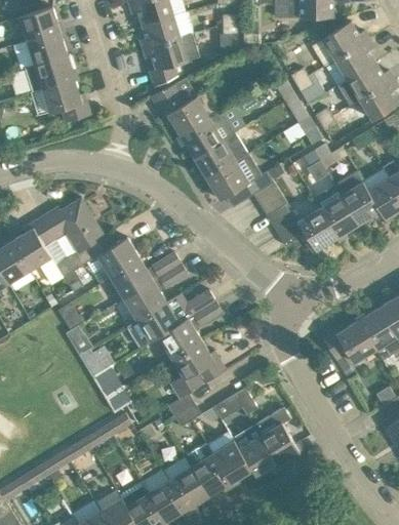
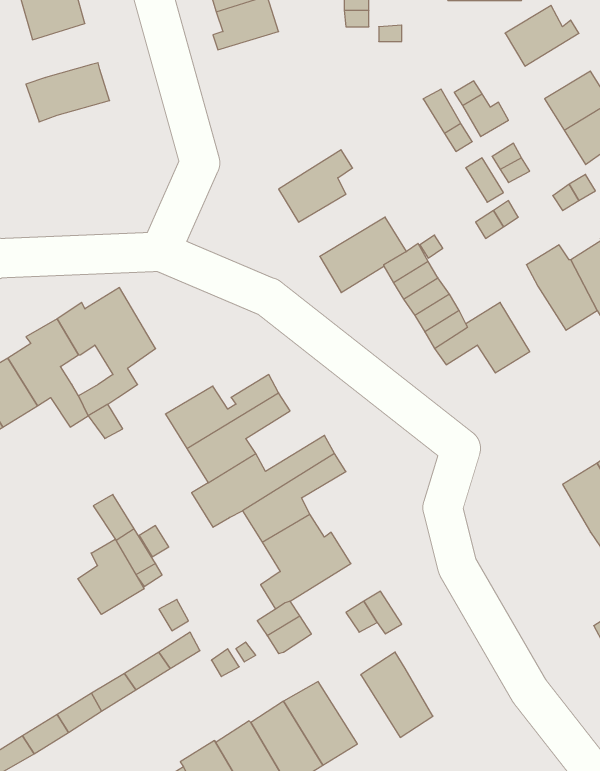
building: [27,33,68,67] -> none
building: [143,35,200,86] -> none
building: [334,39,375,80] -> none
building: [150,79,220,136] -> none
building: [42,81,90,123] -> none
building: [193,132,247,178] -> none
building: [313,184,360,238] -> none
building: [86,234,139,277] -> none
building: [321,321,375,364] -> none
building: none -> [78,539,144,614]
building: [253,407,304,466] -> none
building: [205,432,251,483] -> none

